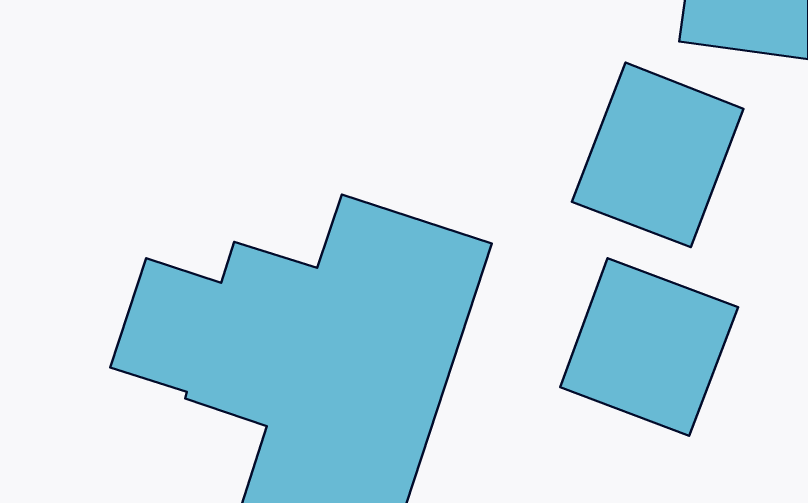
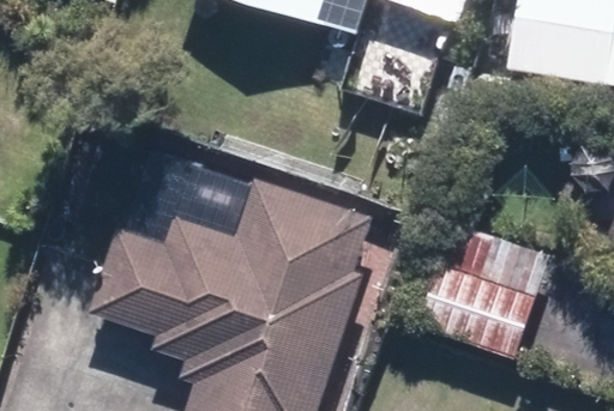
building: [572,62,743,247] -> none

